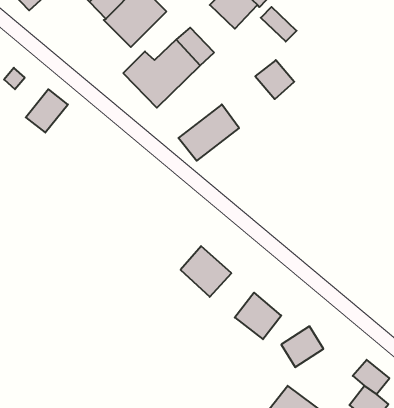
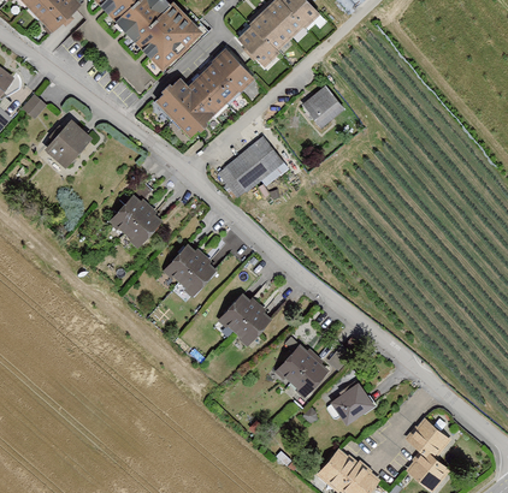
building: [261,7,297,42] -> [238,24,278,63]
building: none -> [107,195,161,246]
building: none -> [163,240,220,298]

